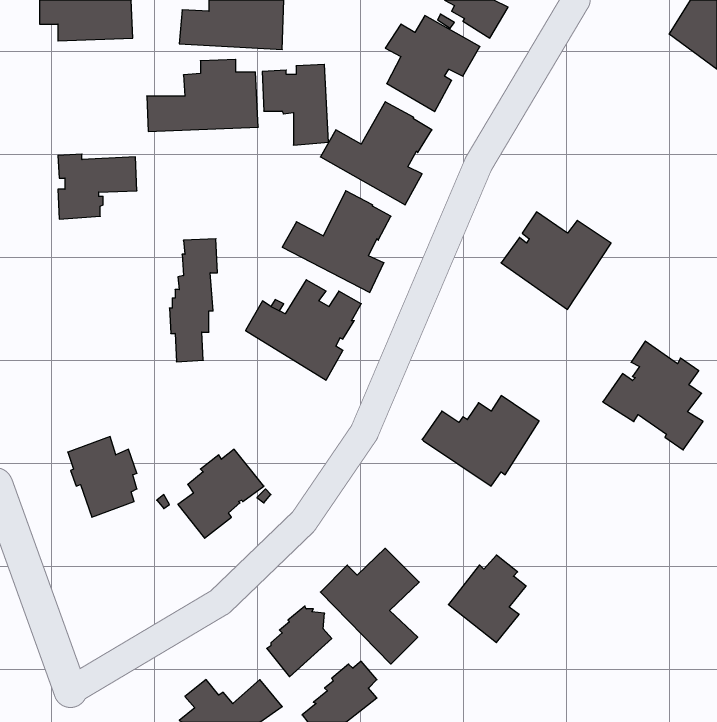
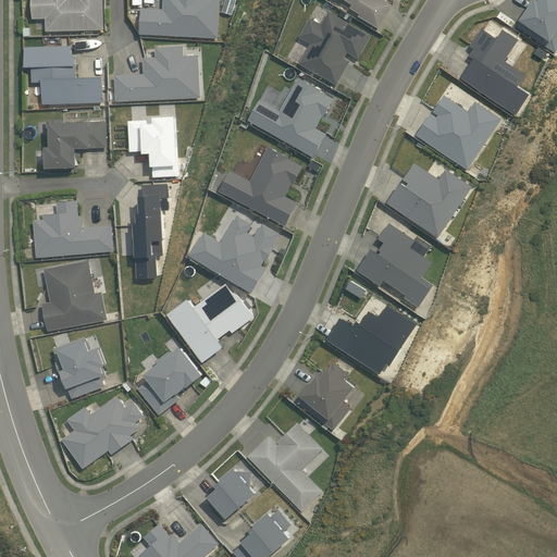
building: none -> [460,28,529,115]
building: none -> [24,46,102,104]
building: [262,64,329,145] -> [127,115,178,177]
building: none -> [416,96,500,170]
building: none -> [32,200,113,258]
building: none -> [41,261,106,331]
building: [603,341,703,450] -> [356,223,433,307]
building: none -> [166,283,252,362]
building: none -> [61,396,143,469]
building: [448,555,526,643] -> [296,362,356,430]

